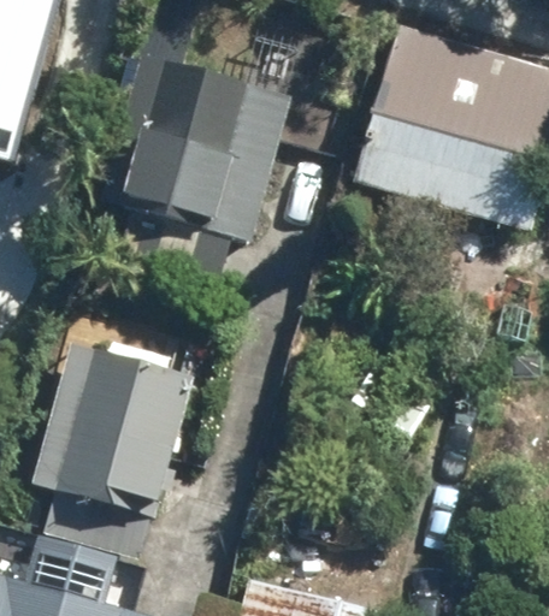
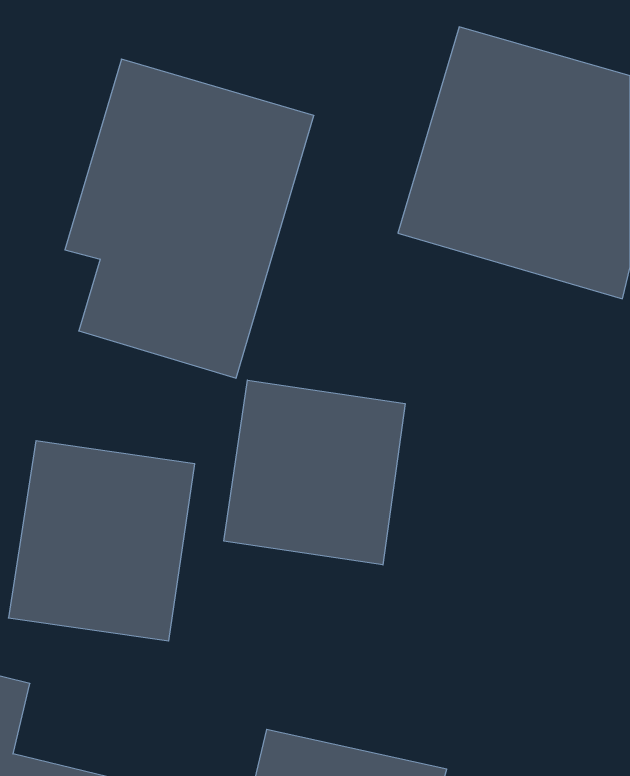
building: none -> [224,380,405,565]

